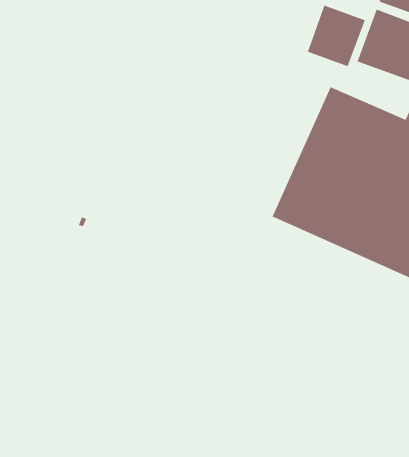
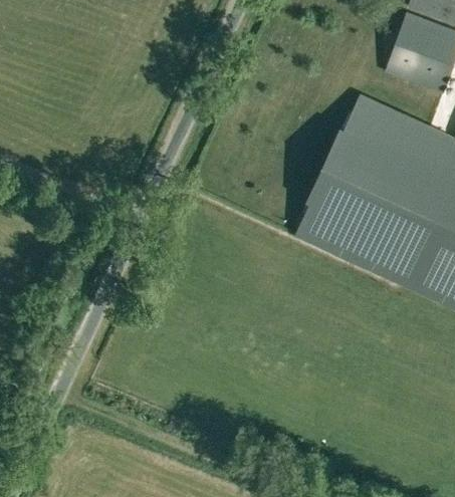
building: [307,5,366,67] -> none

